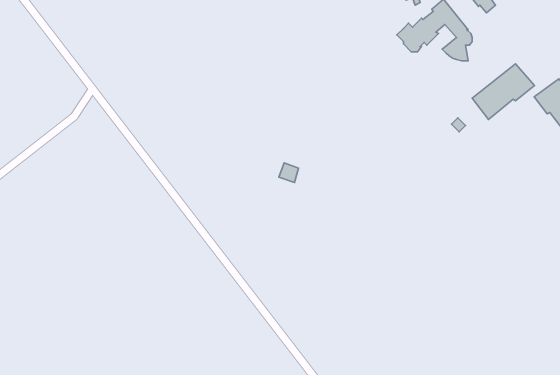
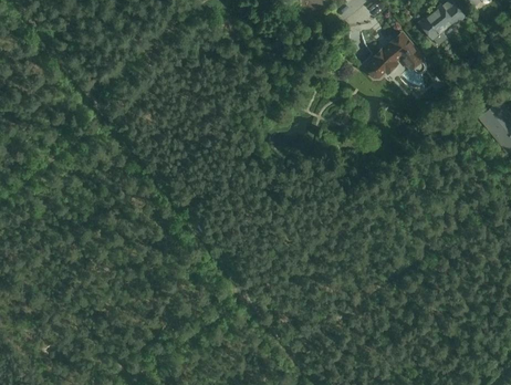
building: [472,64,534,119] -> none

